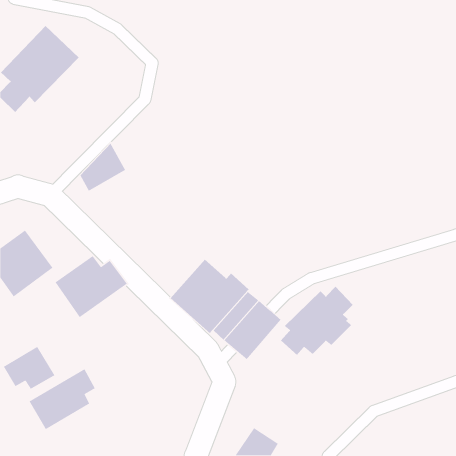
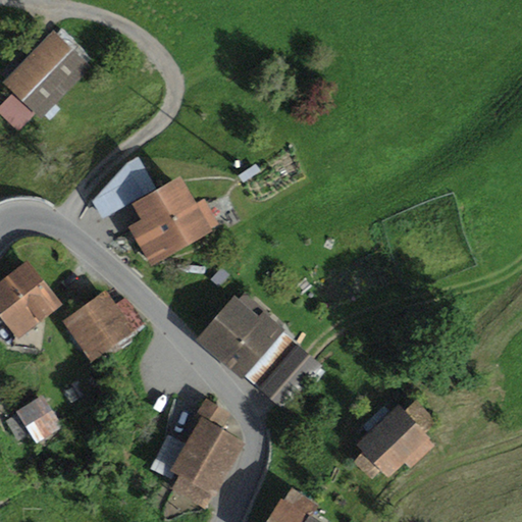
building: none -> [128,176,218,266]
building: [280,286,354,356] -> [352,400,435,479]
building: none -> [150,398,245,509]
building: [28,368,96,430] -> none

